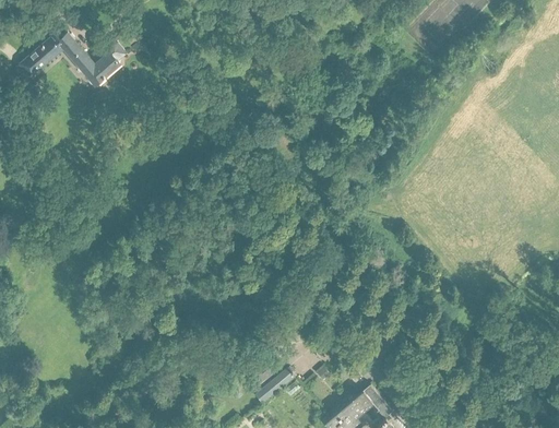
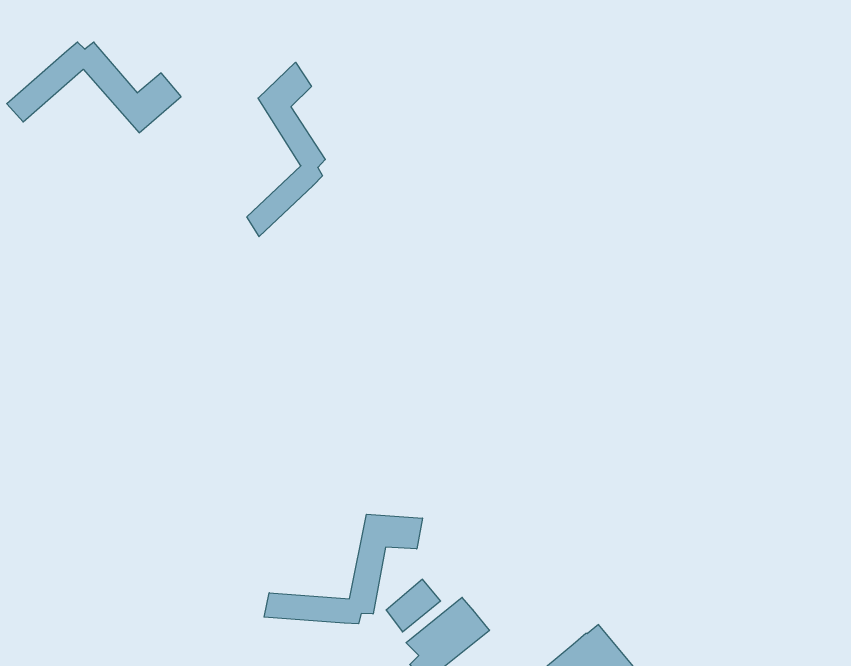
building: none -> [247,62,325,237]
building: none -> [264,514,422,624]

